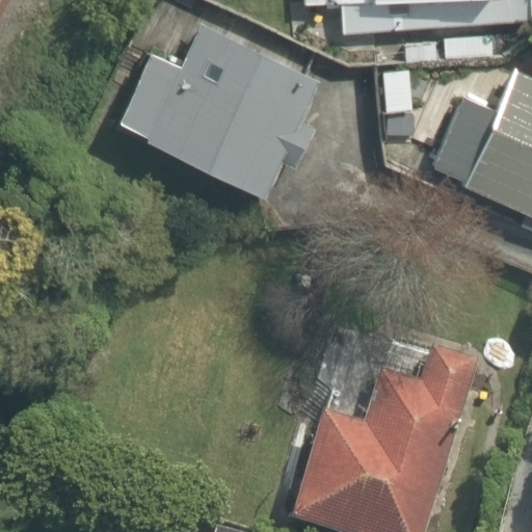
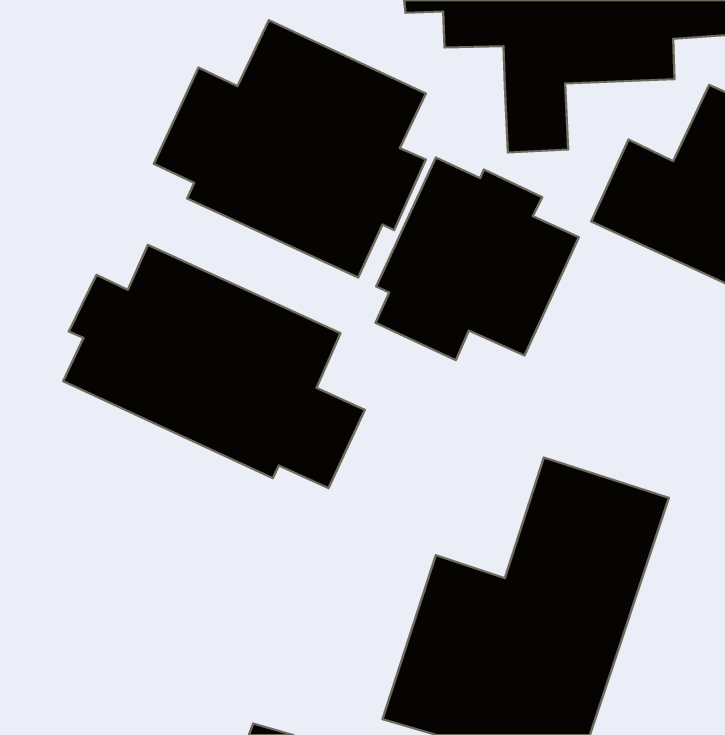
building: none -> [375,158,579,360]
building: none -> [63,245,365,488]

